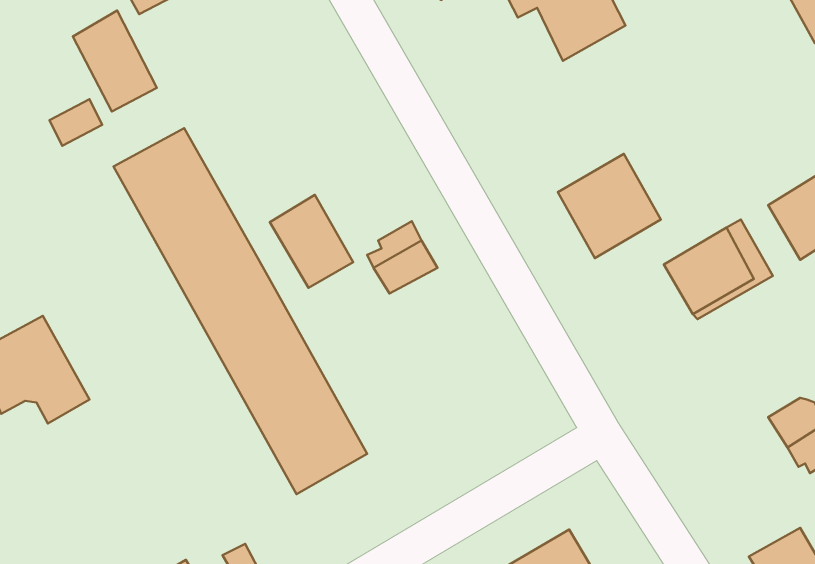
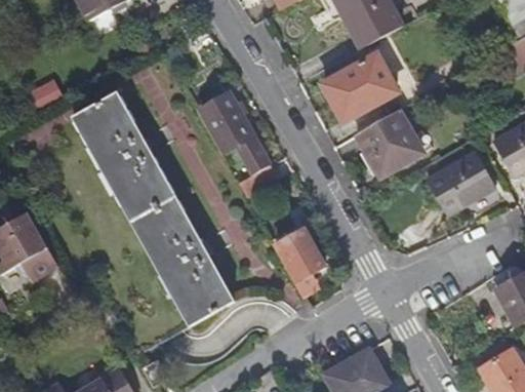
building: [73,11,157,111] -> none
building: none -> [324,55,398,121]
building: [270,195,353,288] -> [200,92,253,152]
building: none -> [276,229,325,282]

